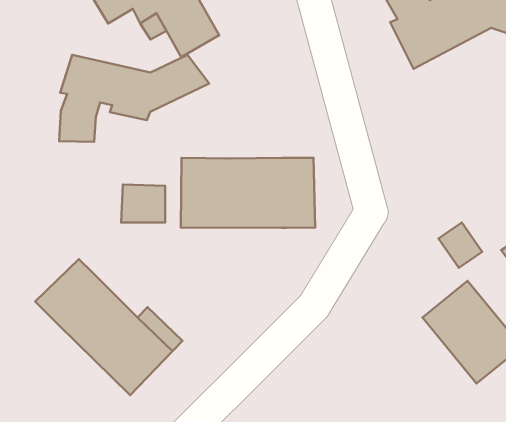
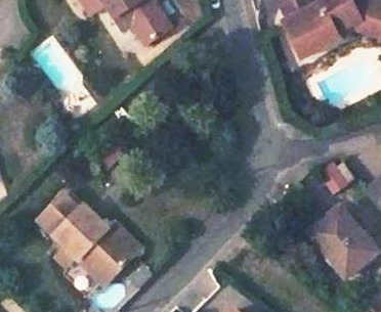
building: [59,55,209,142] -> none
building: [181,158,315,228] -> none

